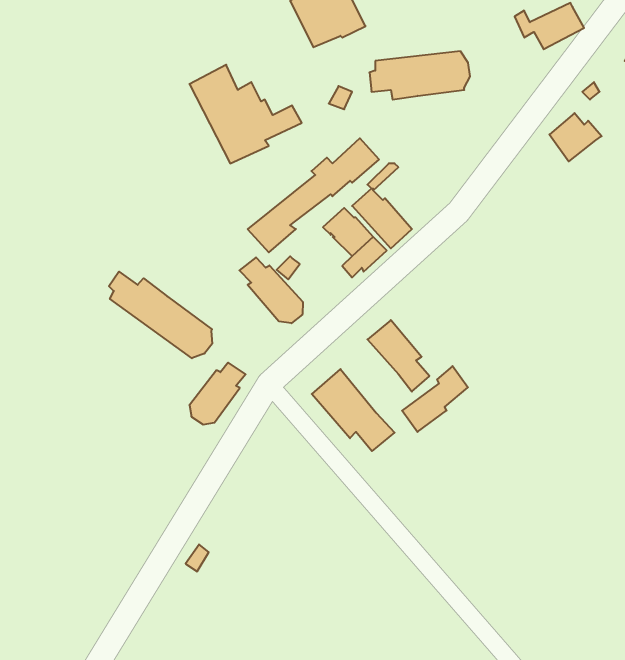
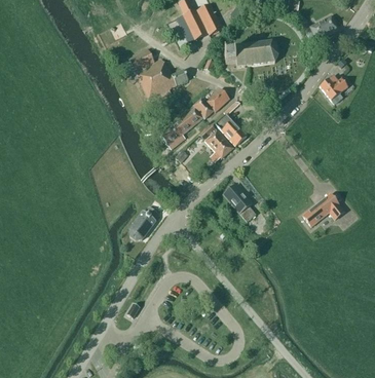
building: [239,257,303,323] -> none
building: [109,272,212,358] -> none
building: [402,366,468,432] -> [302,192,337,227]
building: [312,369,395,451] -> none

